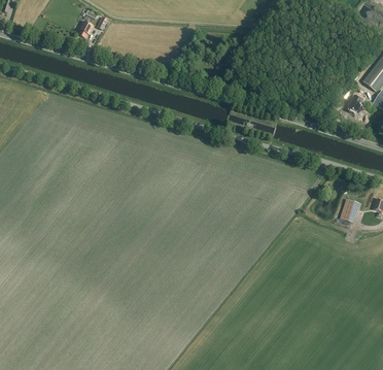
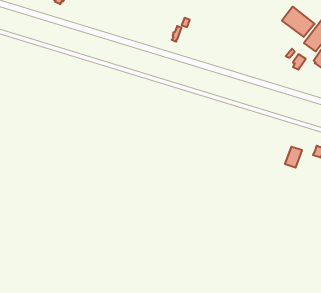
building: none -> [282,7,315,37]

